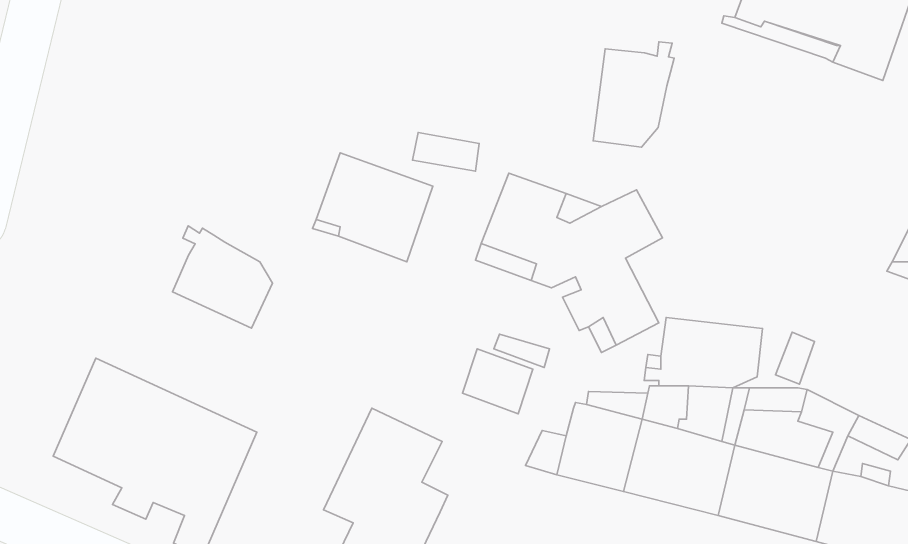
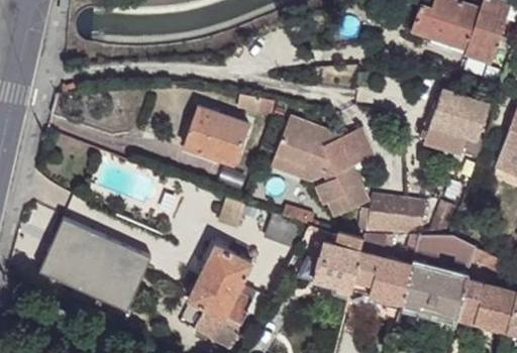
building: [593,42,674,147] -> none
building: none -> [424,91,490,160]
building: [173,226,272,328] -> none

